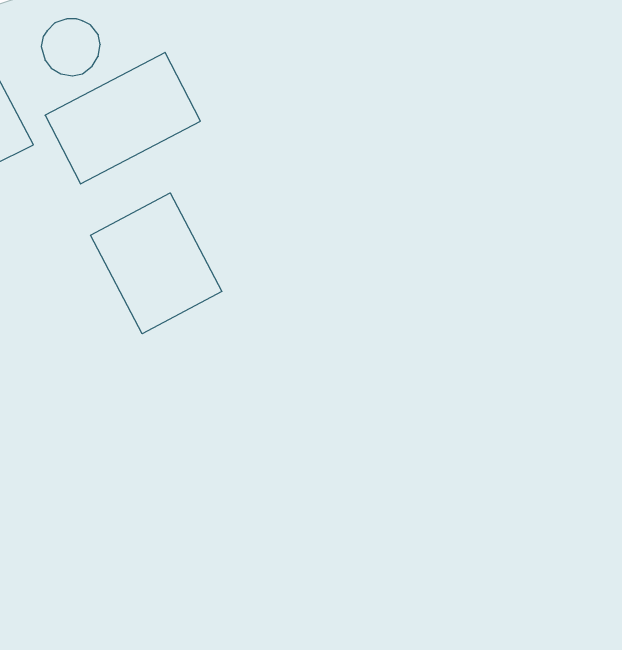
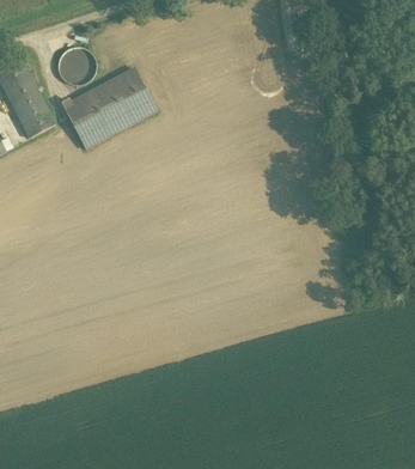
building: [91,193,222,334] -> none

